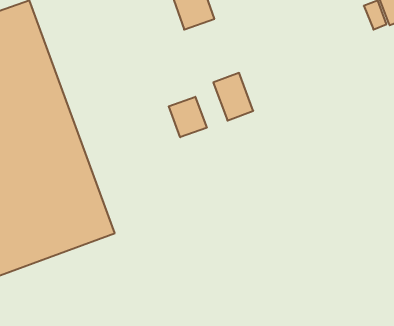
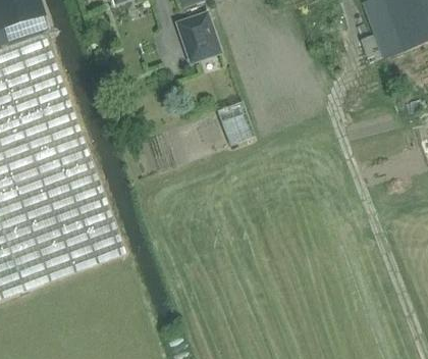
building: [169,97,207,137] -> none

